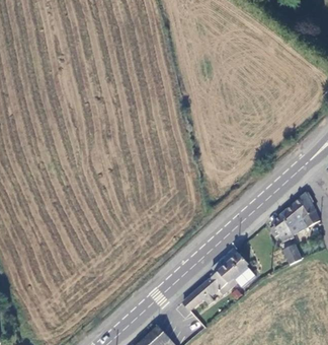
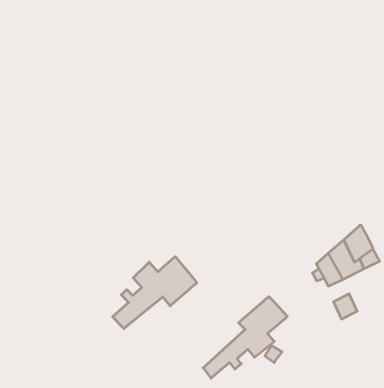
building: none -> [113,257,197,329]

